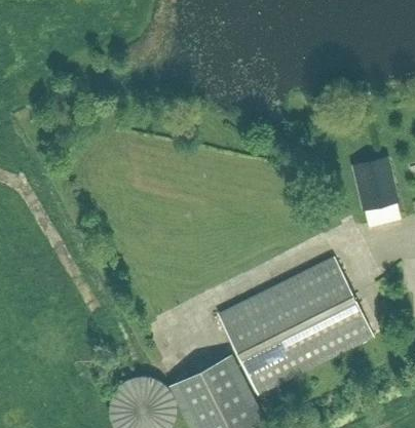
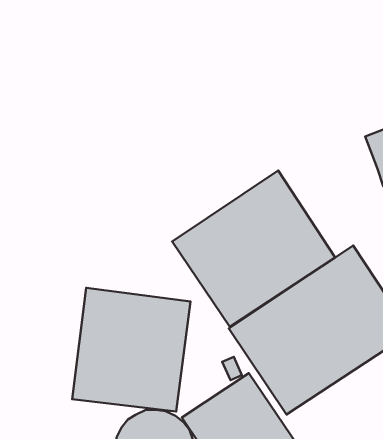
building: none -> [172,171,335,327]
building: none -> [72,288,190,411]

